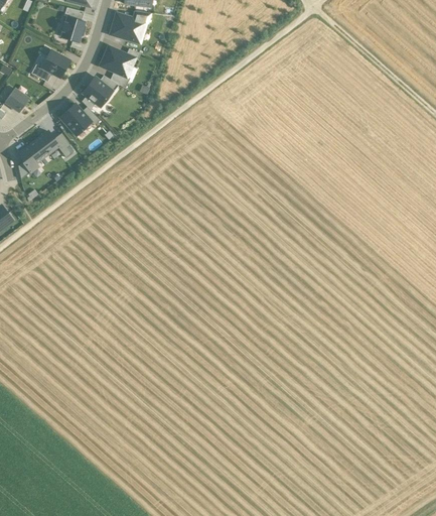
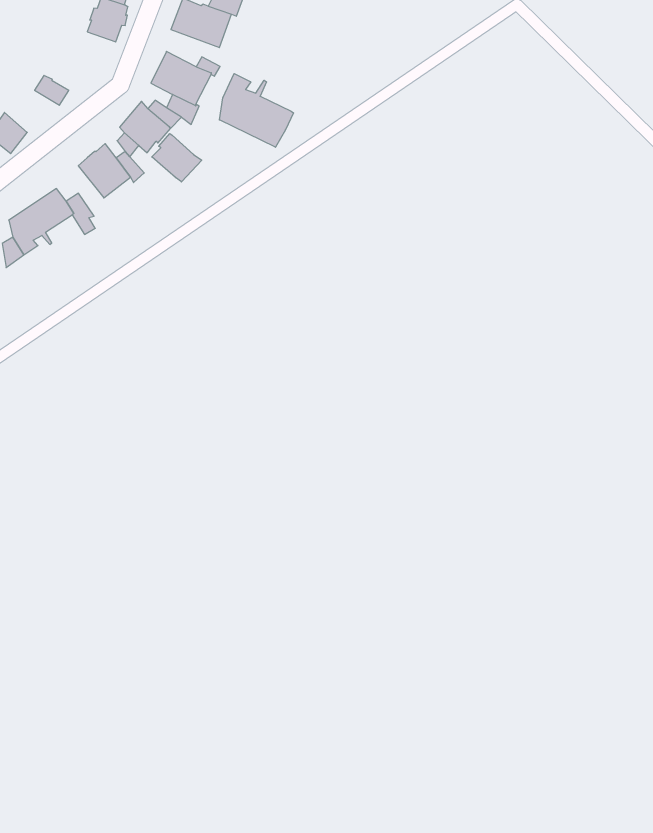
building: [41,49,69,78] -> none
building: none -> [219,74,293,147]
building: none -> [152,134,202,182]

